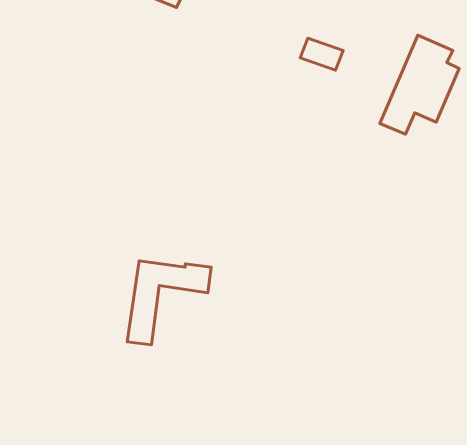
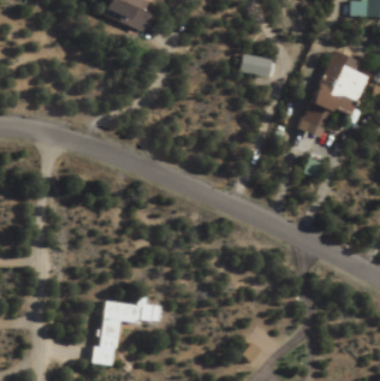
building: [127,261,211,345] -> [95,299,161,365]

